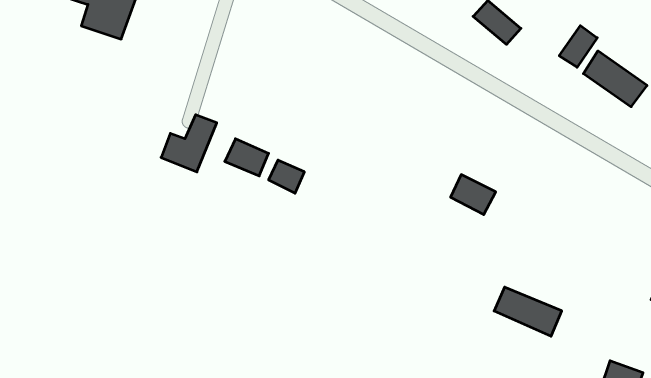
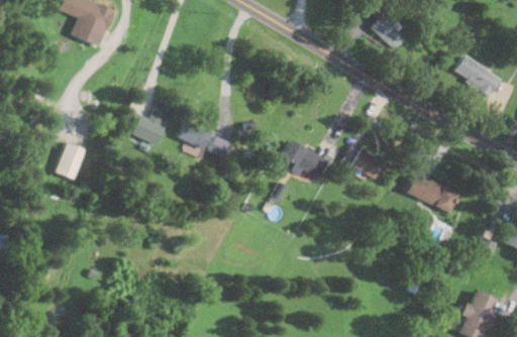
building: [559,26,597,67] -> none
building: none -> [284,141,331,177]
building: none -> [55,142,88,180]
building: [494,287,562,336] -> [407,175,458,212]

